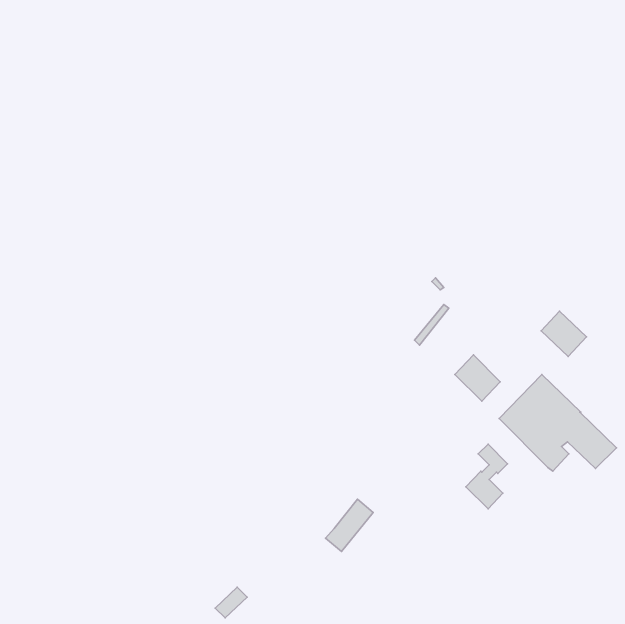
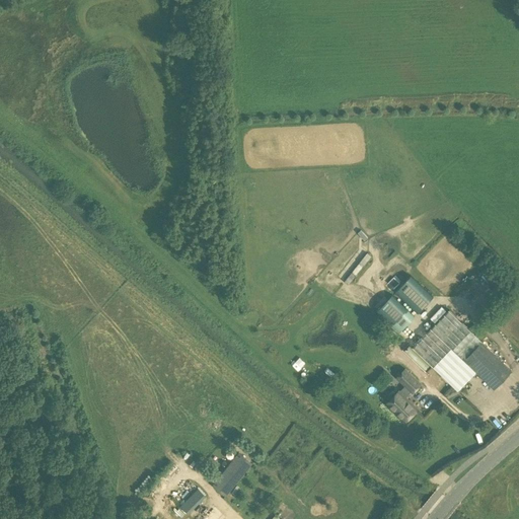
building: [541,311,587,357] -> [395,277,433,314]
building: [326,499,373,552] -> [212,453,251,497]

